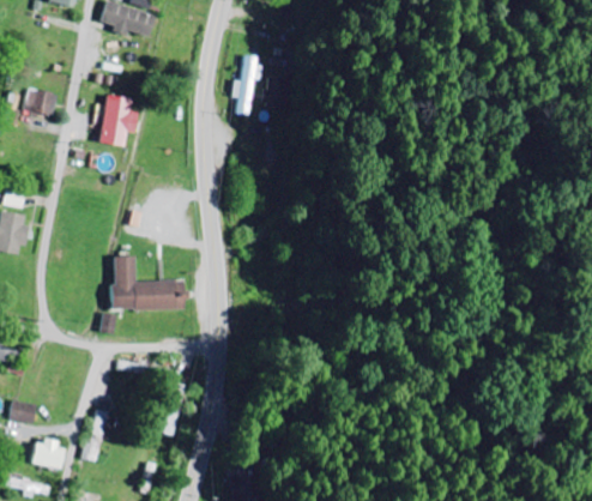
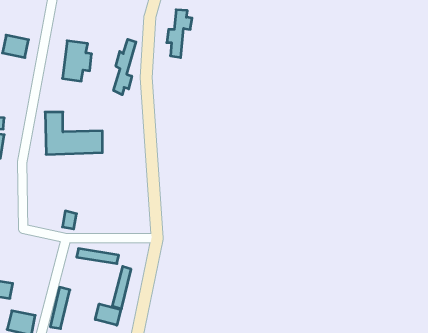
building: none -> [114,39,136,95]
building: [111,256,185,310] -> [45,112,102,154]
building: none -> [95,304,121,325]

